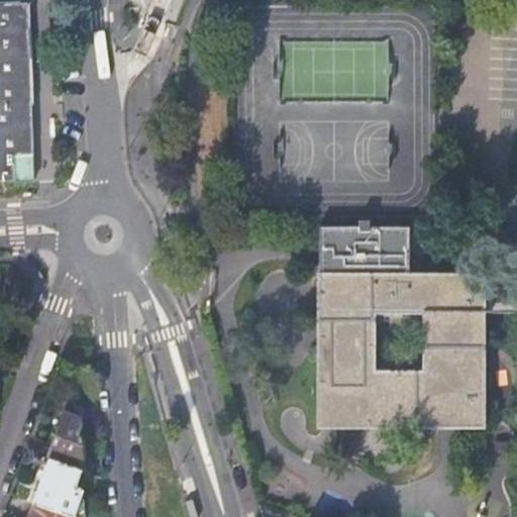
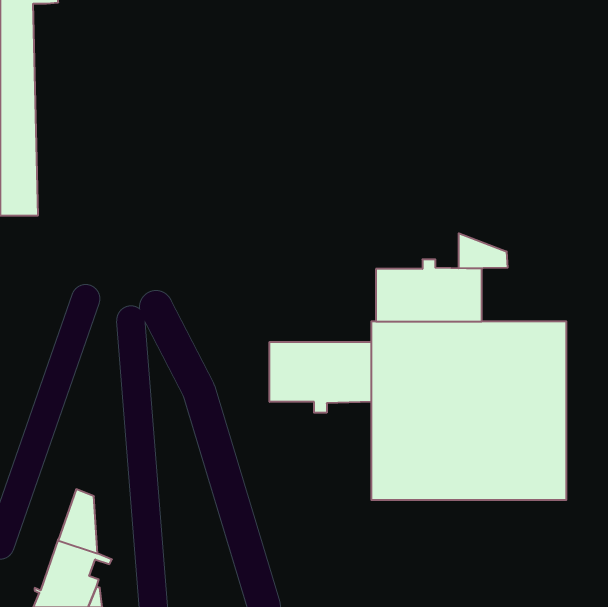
building: none -> [459,233,508,268]
building: none -> [270,342,371,413]

